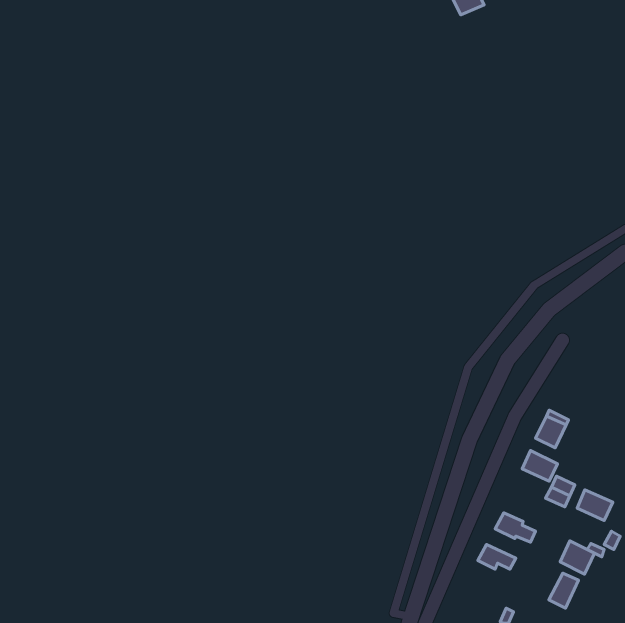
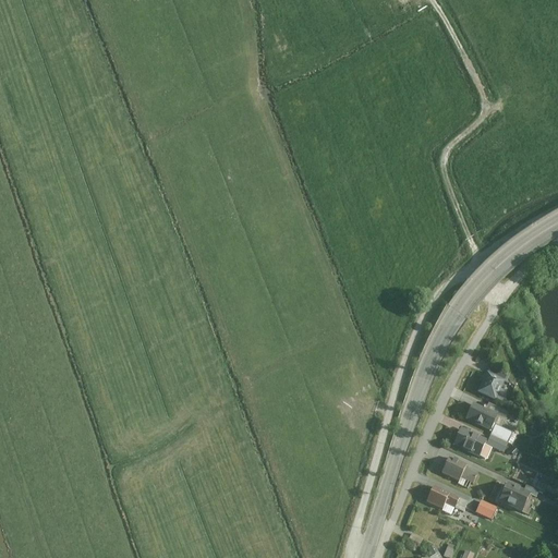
building: [577,490,613,521] -> [452,427,484,454]
building: [549,573,579,608] -> none

